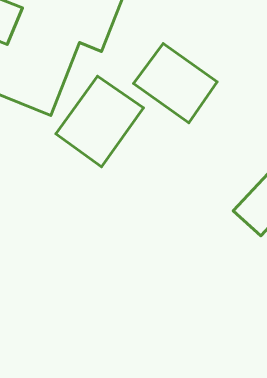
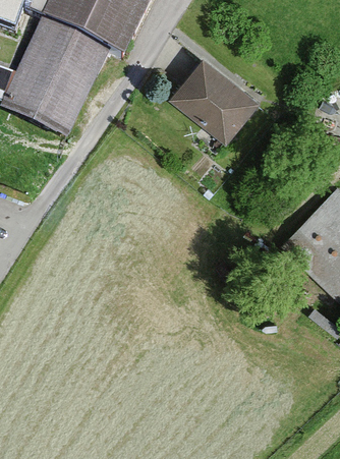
building: [56,76,143,167] -> none

